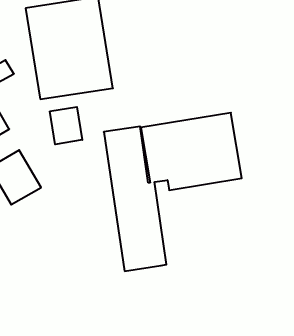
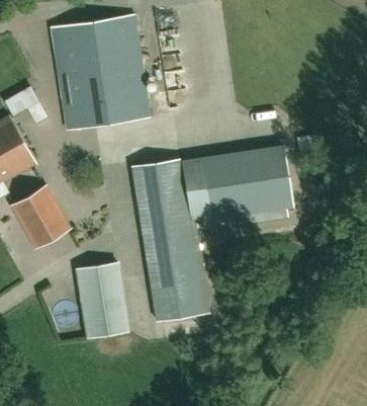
building: [50,107,82,144] -> none
building: none -> [74,263,127,339]

